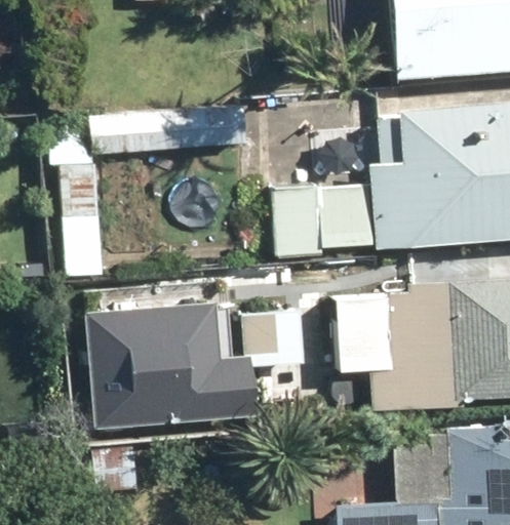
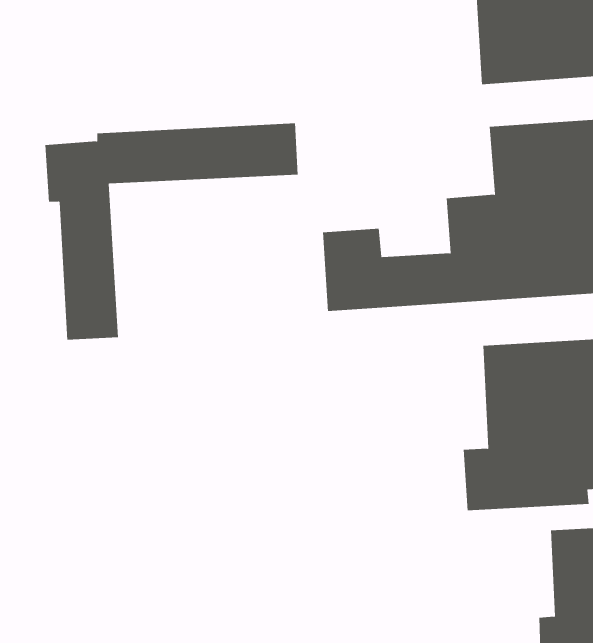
building: [92,320,259,431] -> none

